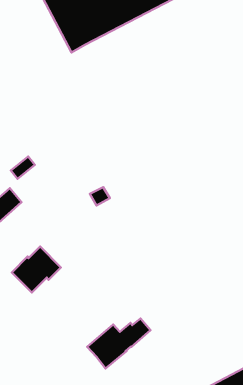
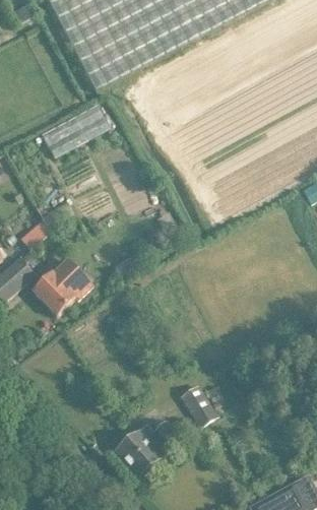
building: none -> [44,107,110,148]
building: [12,247,61,292] -> [31,258,91,314]
building: none -> [180,383,216,426]

